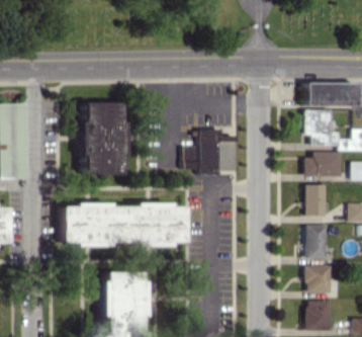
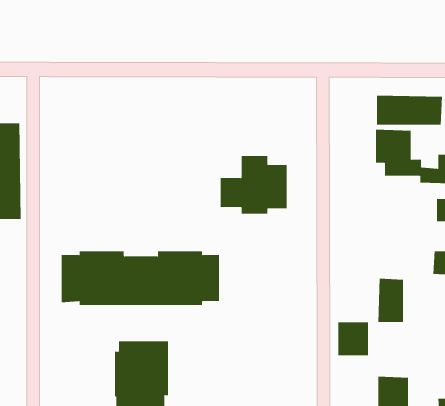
building: [79,101,123,174] -> none
building: [303,152,340,176] -> none
building: [303,184,324,216] -> none
building: [304,265,329,291] -> [337,322,369,356]

